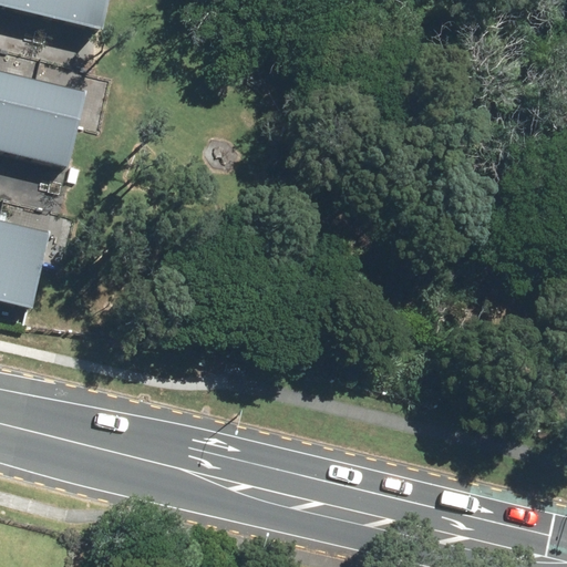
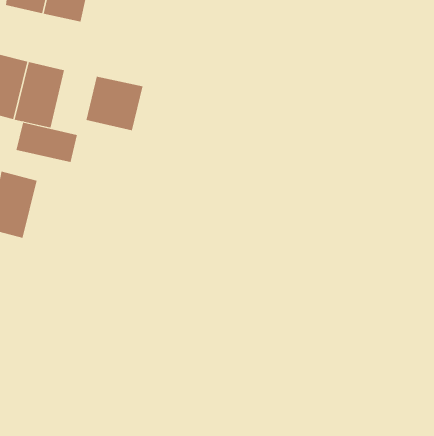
building: none -> [86,76,143,131]
building: none -> [16,122,78,163]

